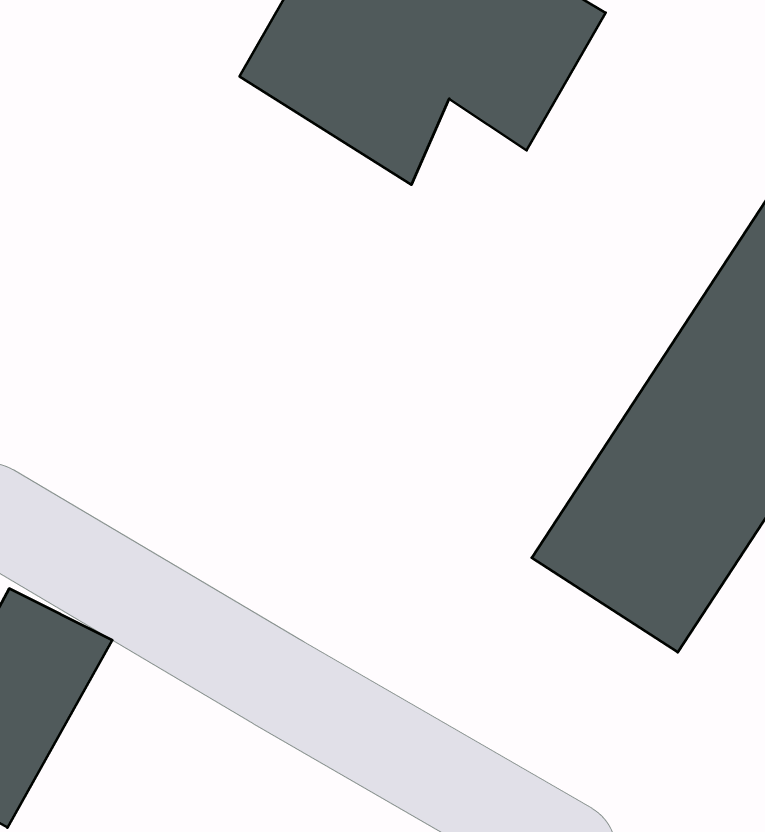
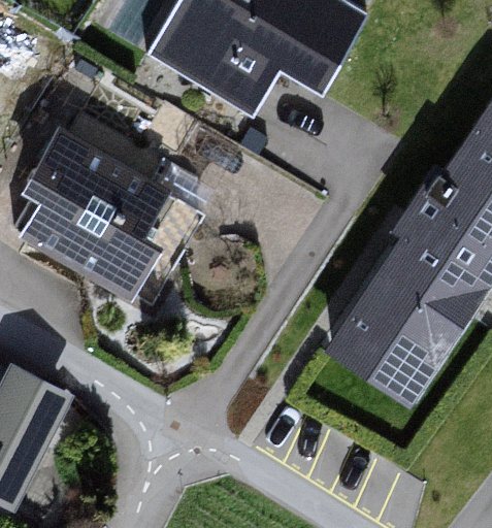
building: none -> [20,126,168,302]

